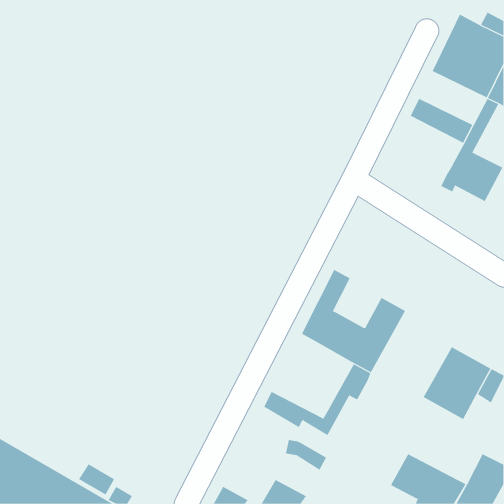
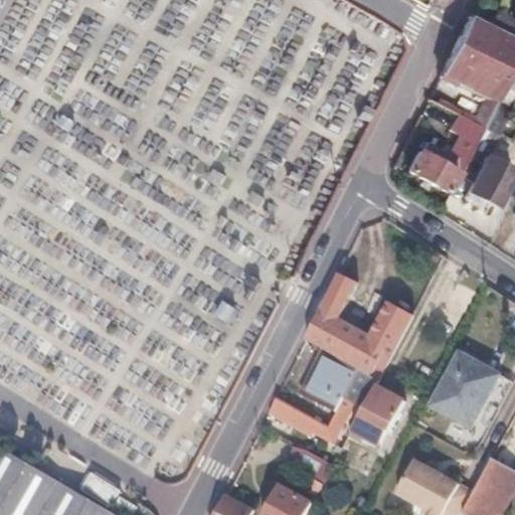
building: none -> [403,144,459,192]
building: none -> [300,348,359,412]
building: none -> [351,386,403,445]

